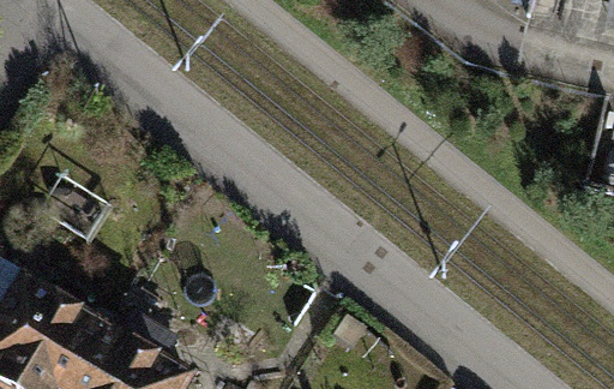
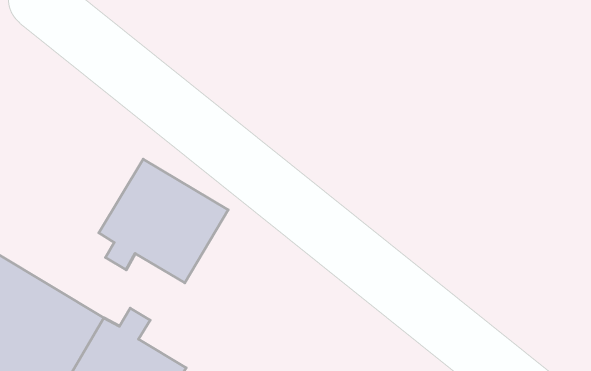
building: none -> [99,159,228,283]

